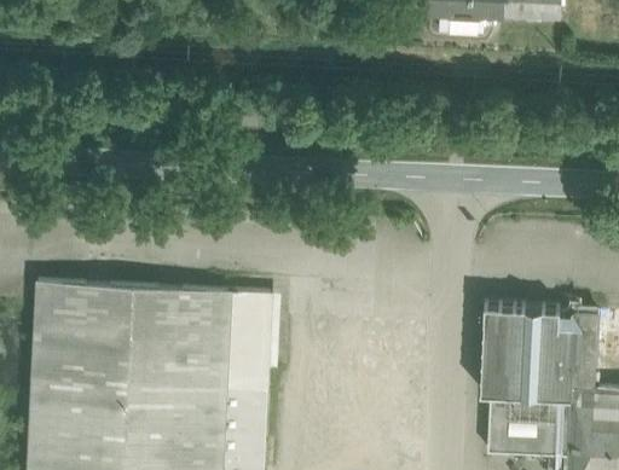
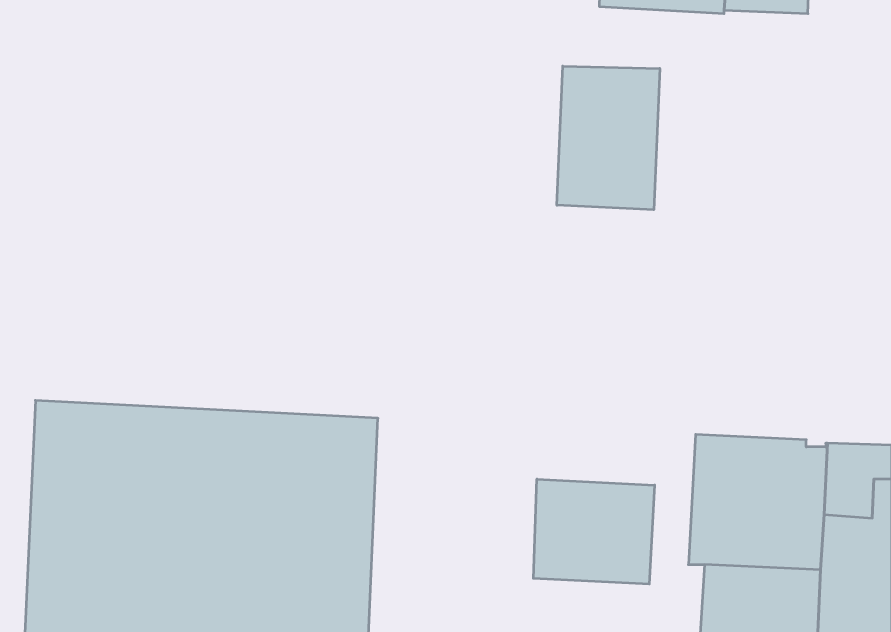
building: none -> [557,66,660,210]
building: none -> [533,479,655,584]

